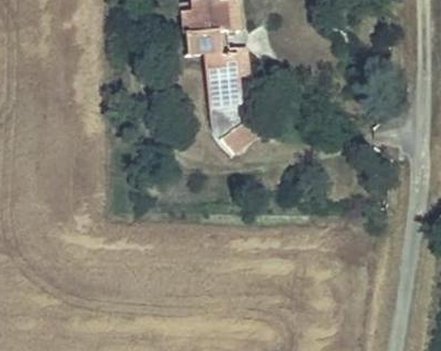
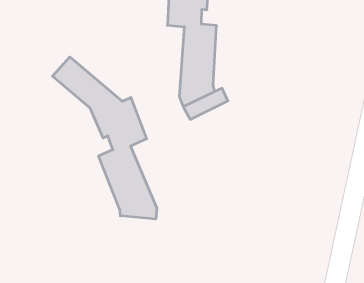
building: none -> [52,57,157,219]

